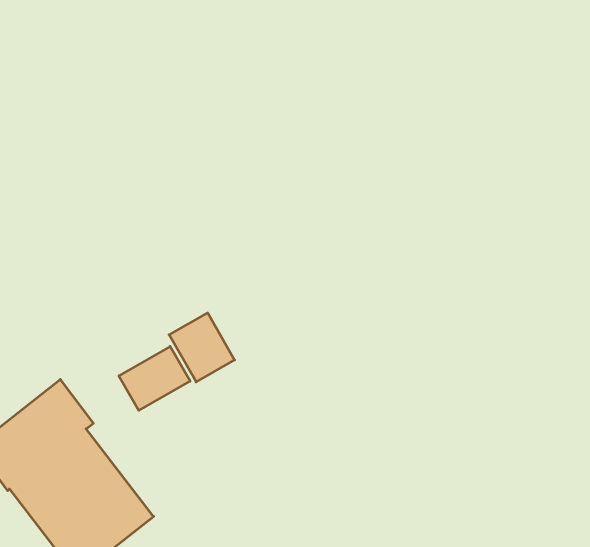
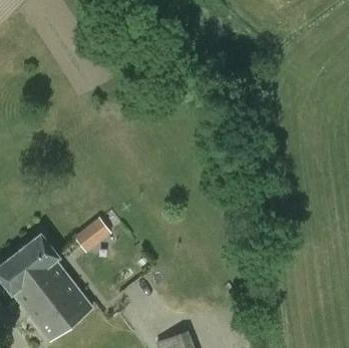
building: [169,313,235,382] -> none

